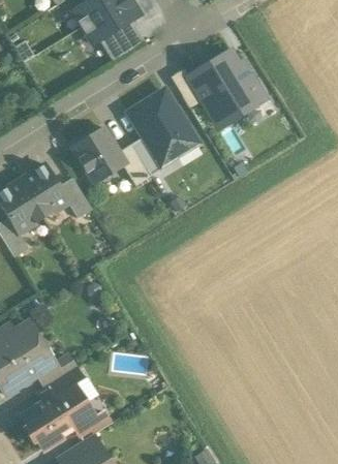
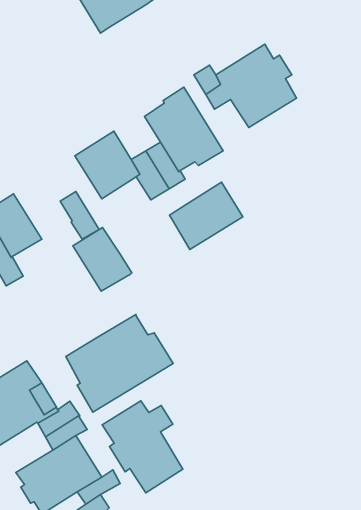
building: [99,19,145,59] -> none
building: [20,162,69,216] -> [73,228,132,291]
building: none -> [169,182,243,250]
building: none -> [66,314,173,412]
building: none -> [102,401,183,493]

